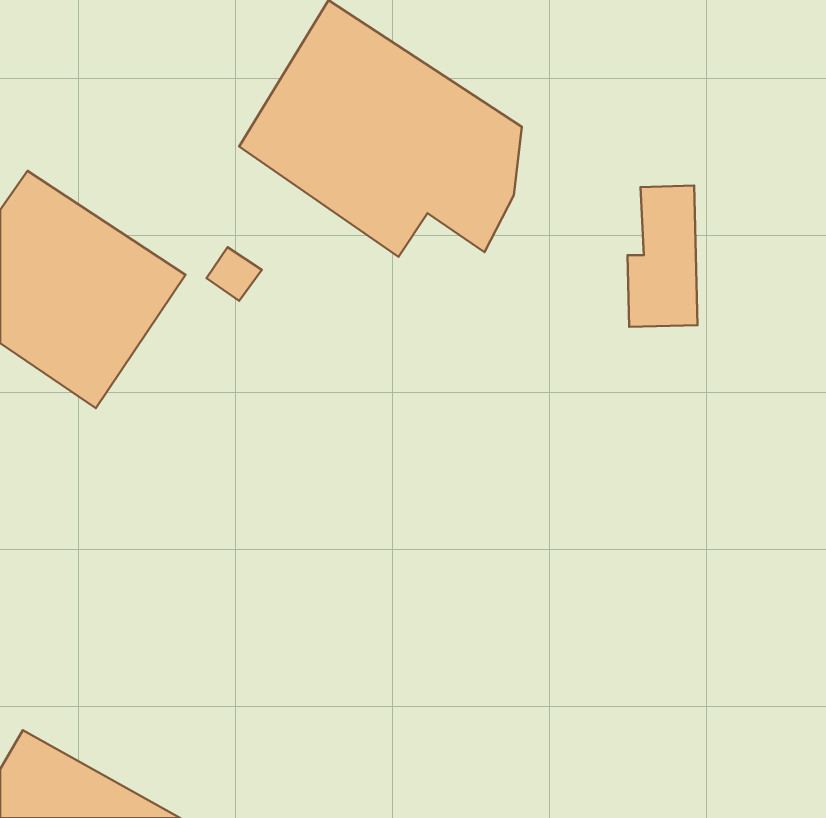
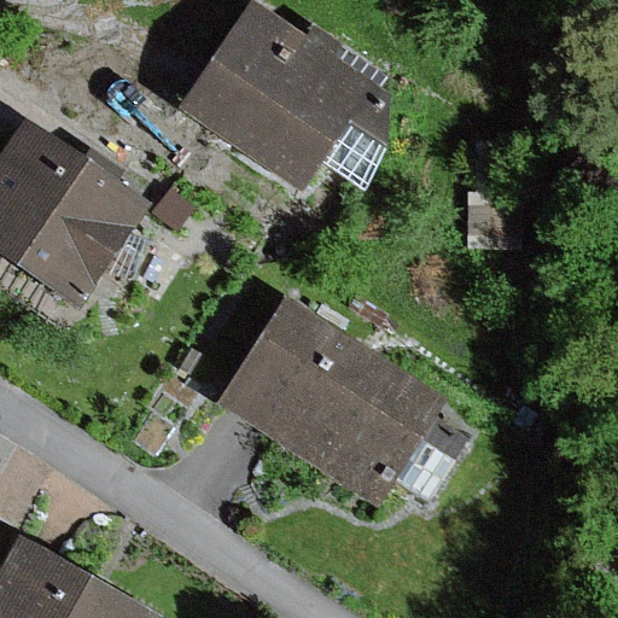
building: none -> [214,293,470,501]

